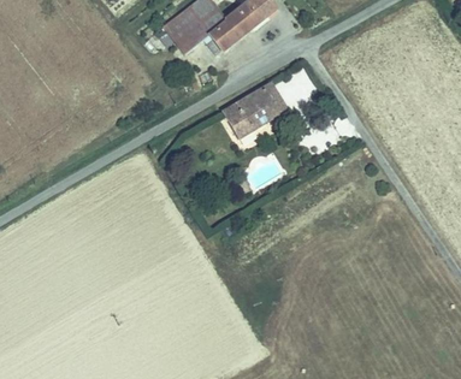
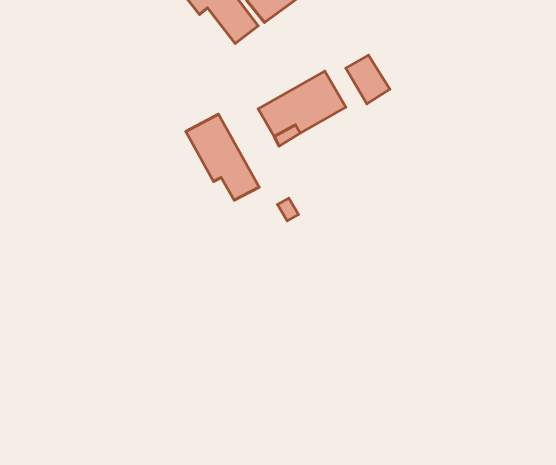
building: none -> [186,114,259,200]

